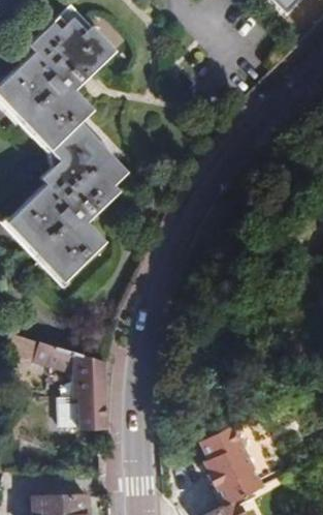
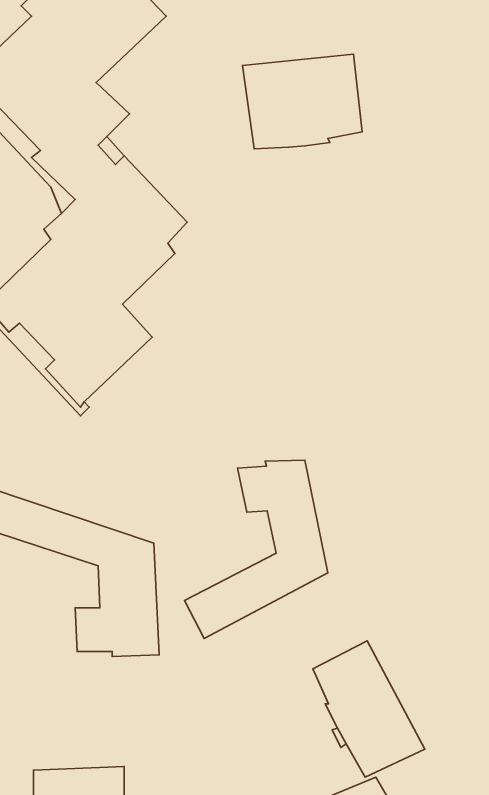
building: none -> [243,54,362,149]
building: none -> [185,460,328,638]

